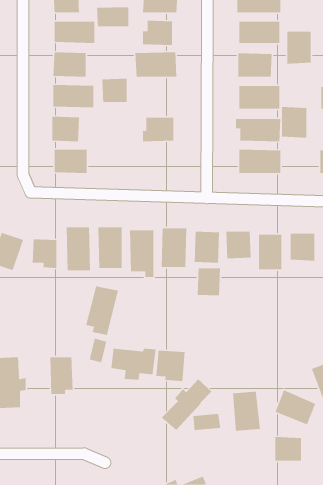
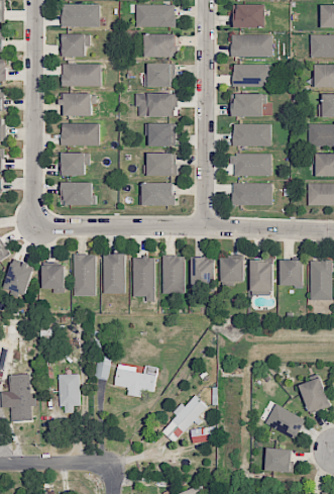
building: [96,6,129,27] -> none
building: [286,31,312,65] -> none
building: [101,78,128,103] -> [148,122,173,145]
building: [281,106,307,139] -> none
building: none -> [141,182,175,205]
building: [197,268,221,296] -> none
building: [85,285,119,336] -> none
building: [155,350,186,382] -> none
building: [232,391,261,431] -> none

